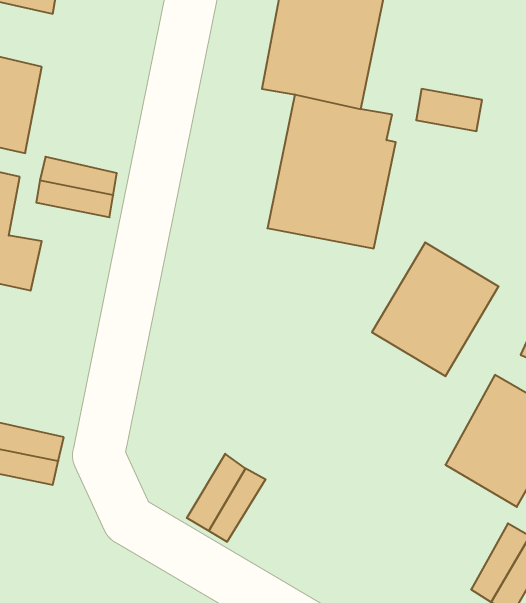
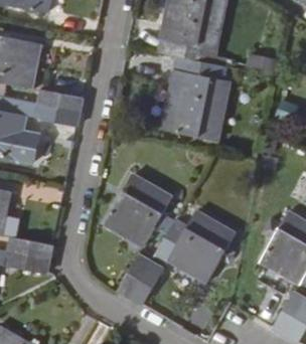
building: [372,242,499,376] -> [166,208,236,282]
building: none -> [105,173,172,244]

